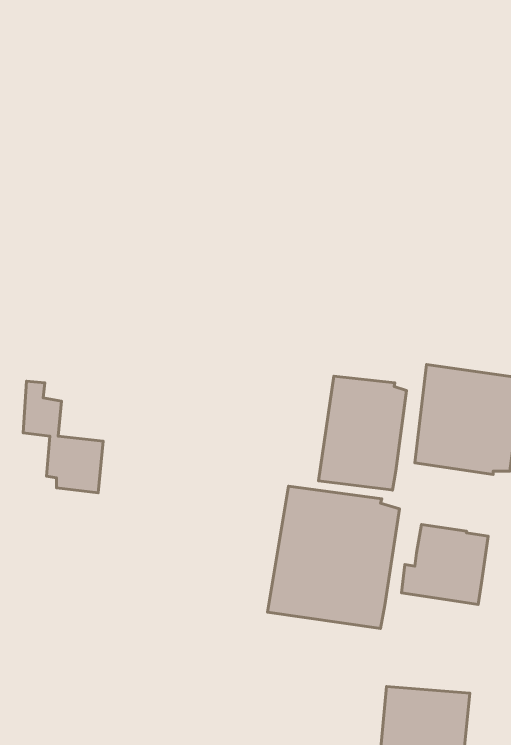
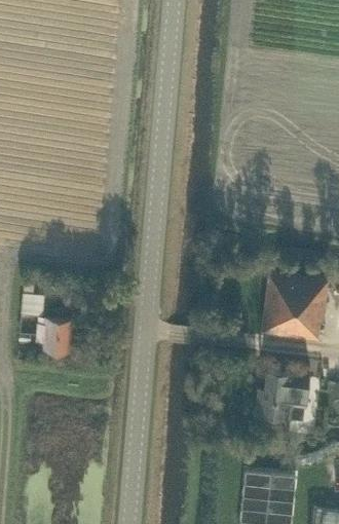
building: [319,376,406,490] -> none
building: [267,486,400,629] -> none

